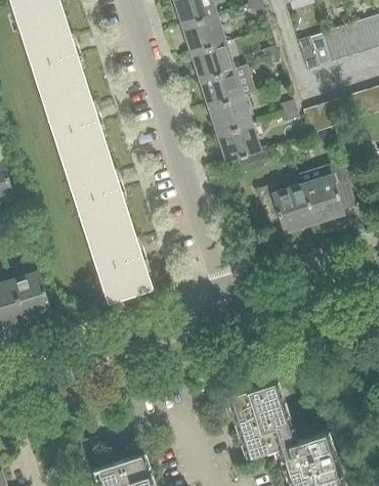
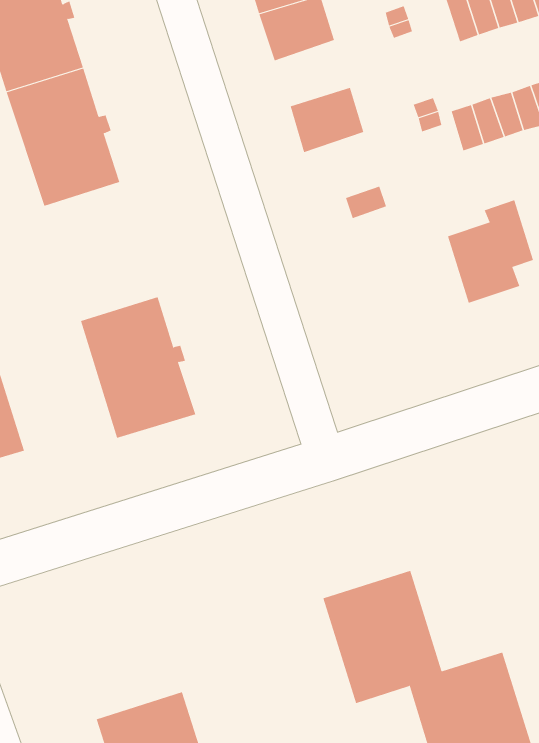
building: [199,68,244,106] -> none
building: [216,122,261,161] -> none
building: [62,151,130,233] -> none
building: [257,183,313,232] -> none

